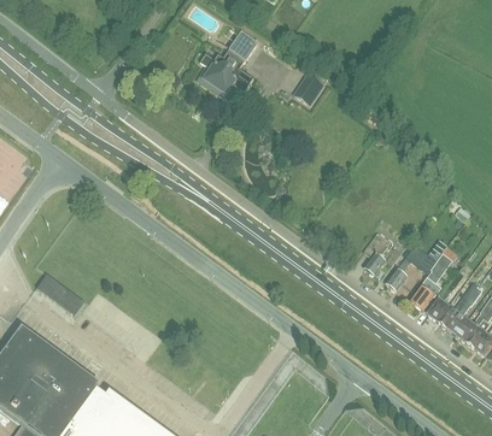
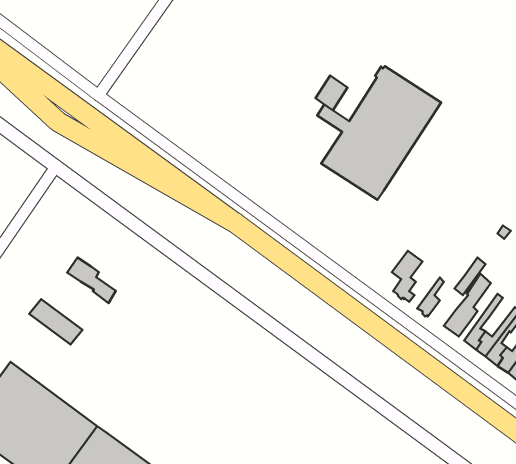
building: [200,29,258,90] -> none
building: none -> [317,66,441,200]
building: none -> [67,258,116,303]

